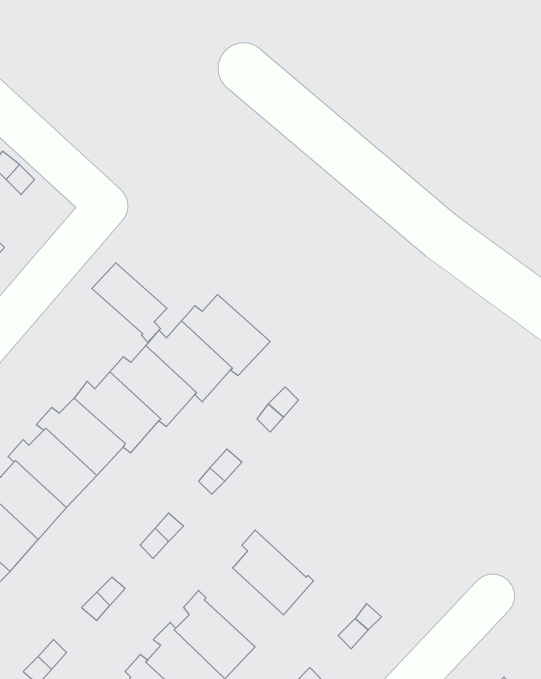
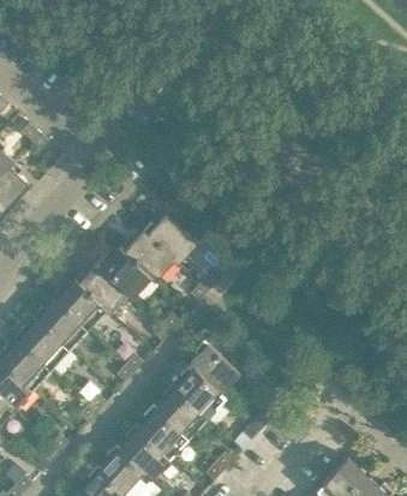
building: [92,263,167,342] -> none
building: none -> [186,343,238,398]
building: none -> [154,387,204,442]

